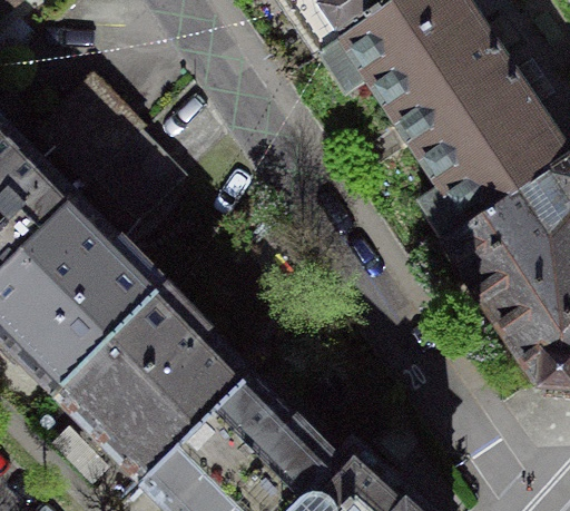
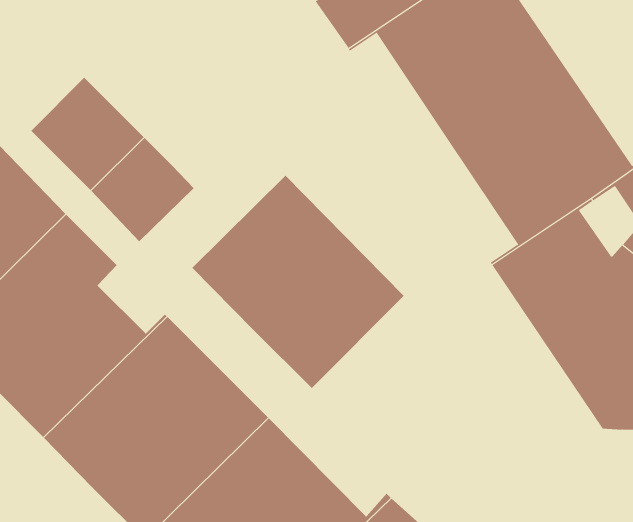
building: none -> [192,175,404,389]

